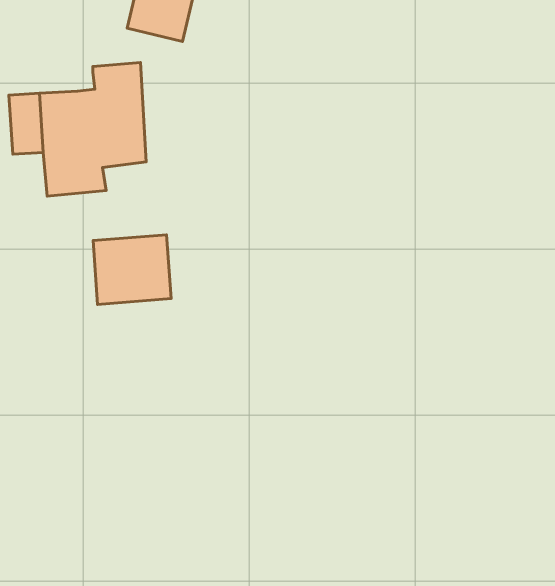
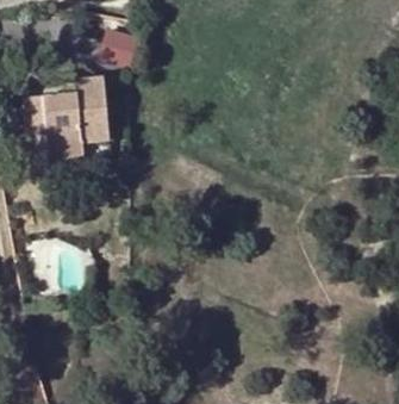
building: [93,235,171,304] -> none

